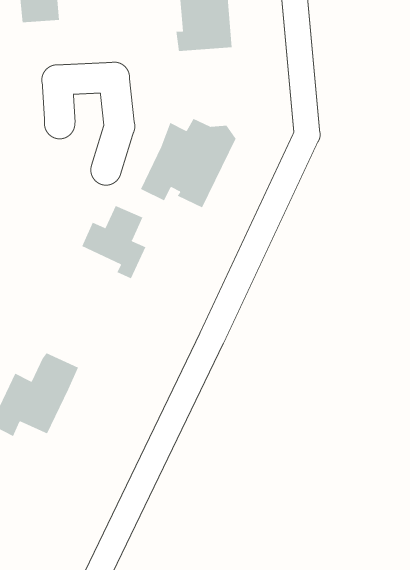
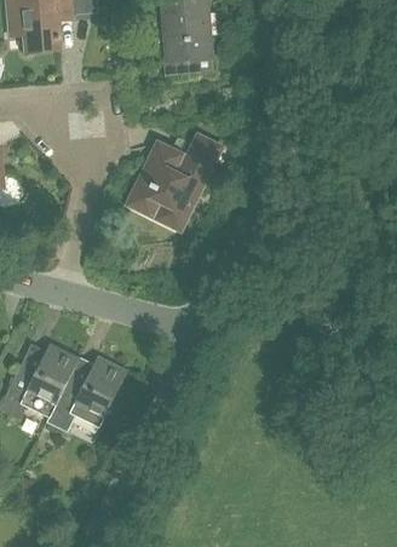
building: [81,205,146,279] -> none
building: none -> [45,356,126,432]

